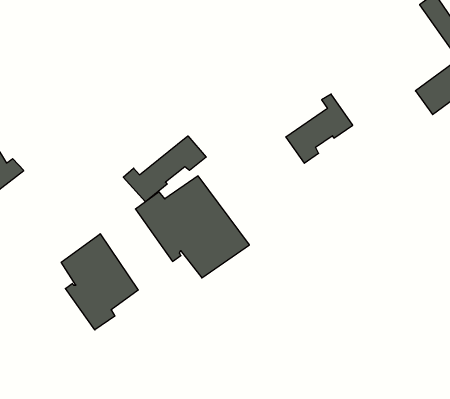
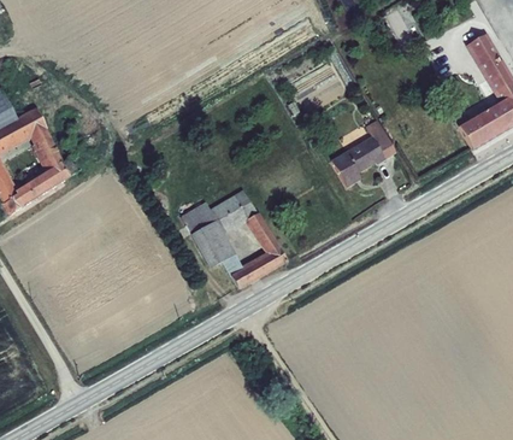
building: [123,136,206,202] -> none
building: [61,234,138,330] -> none

